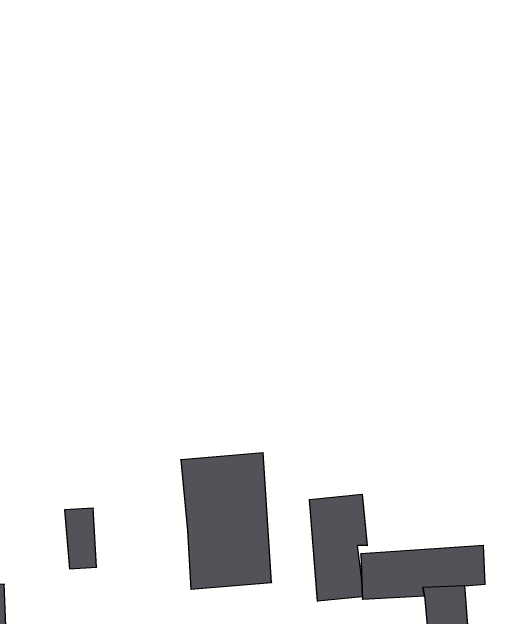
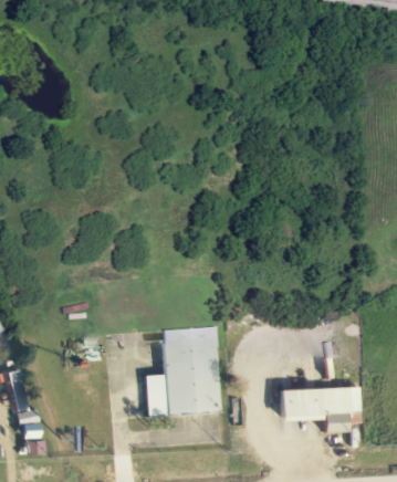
building: [309,494,367,601] -> none
building: [65,508,97,569] -> [145,376,166,416]

